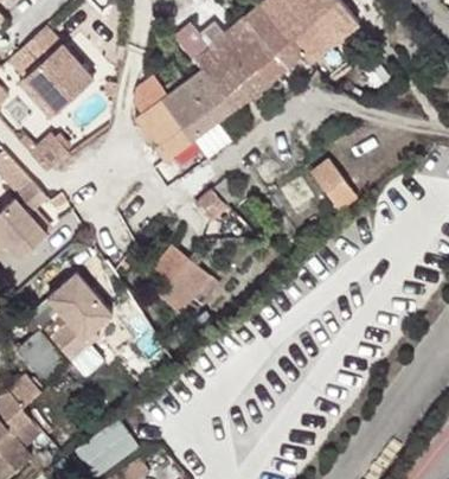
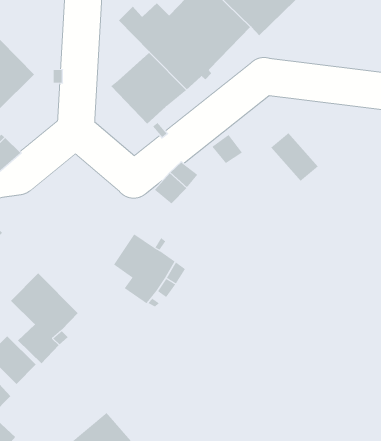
building: [134,82,194,165] -> none

